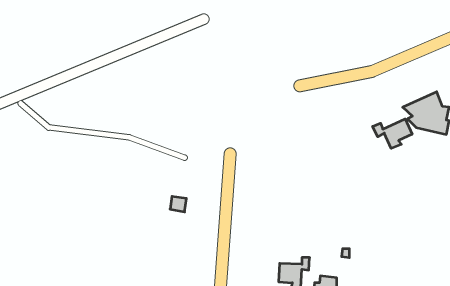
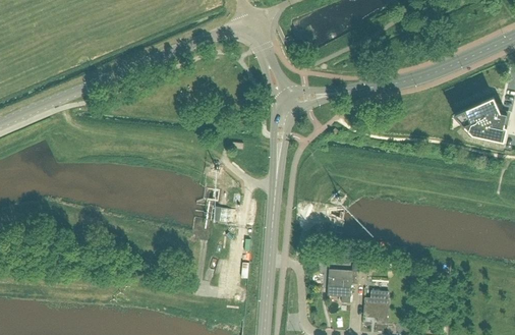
building: [373,119,412,148] -> none

